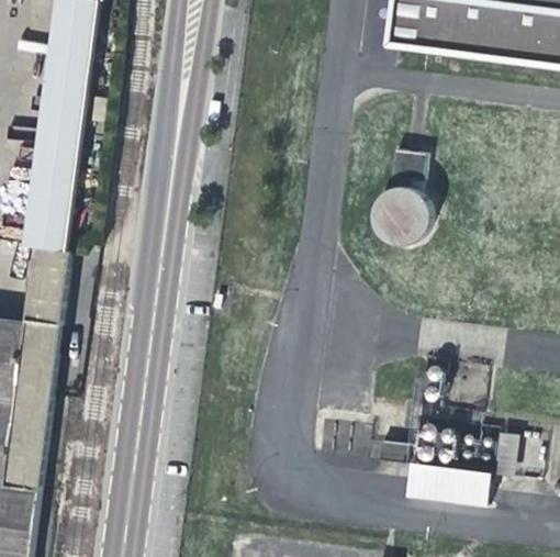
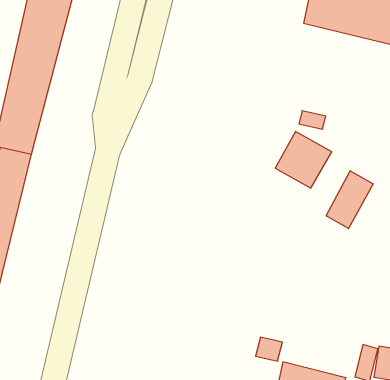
building: none -> [326,171,373,229]

